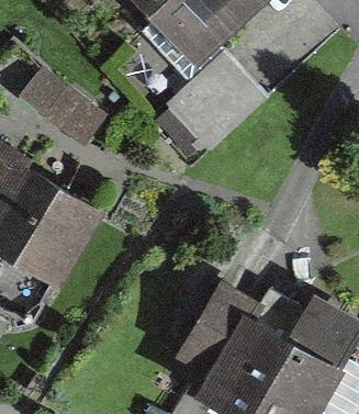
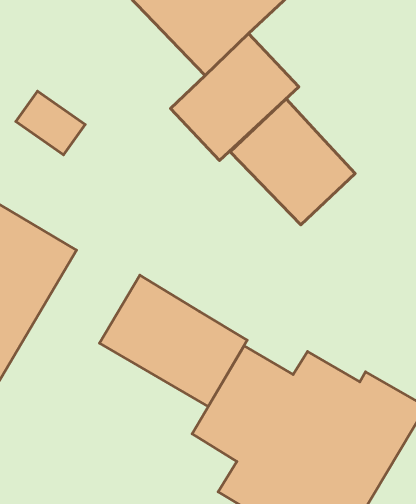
building: none -> [230,99,355,225]
building: none -> [99,275,247,406]

